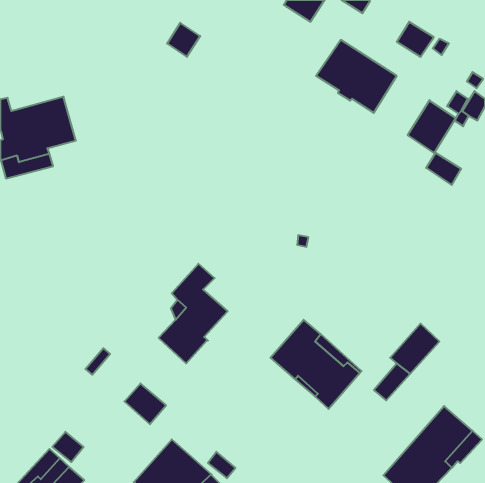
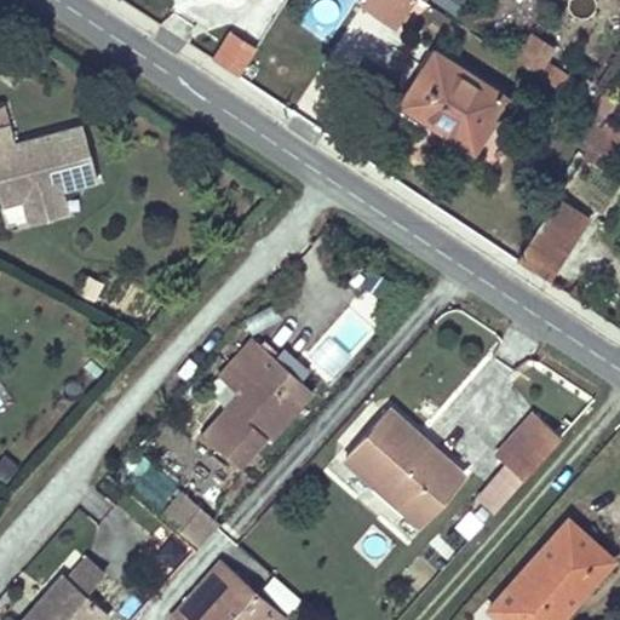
building: [408,100,456,153] -> [515,216,576,283]
building: none -> [259,357,312,441]

